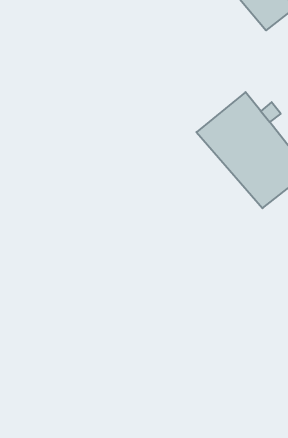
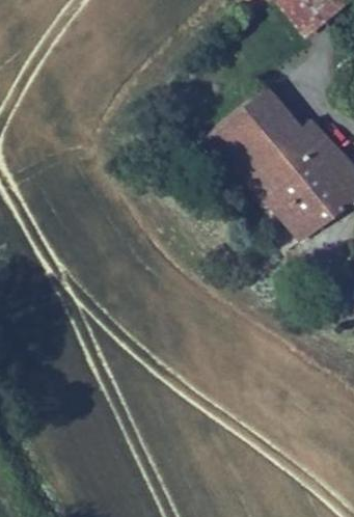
building: none -> [211,85,284,152]

